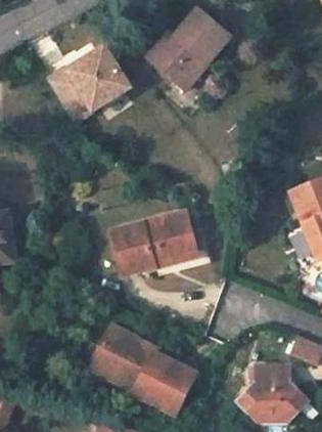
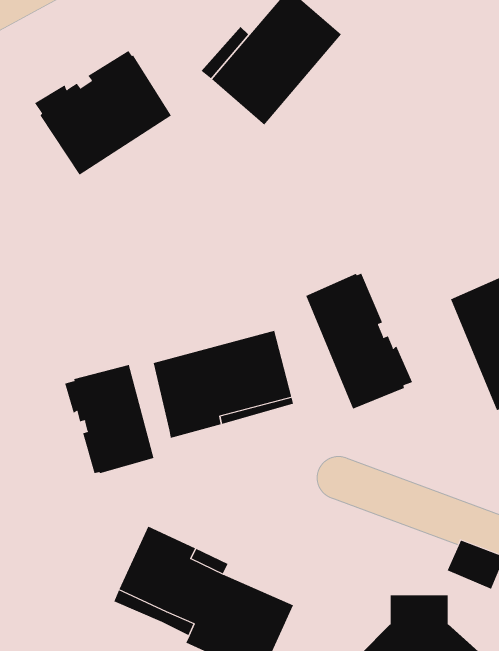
building: none -> [306,273,413,409]
building: none -> [64,364,154,474]

